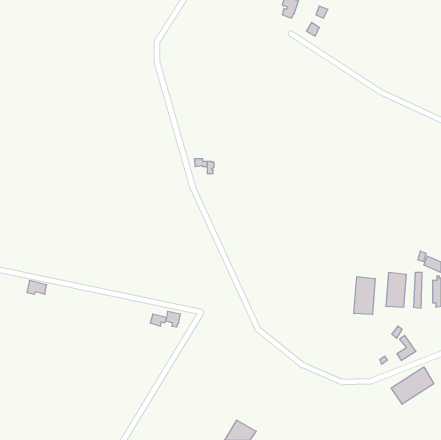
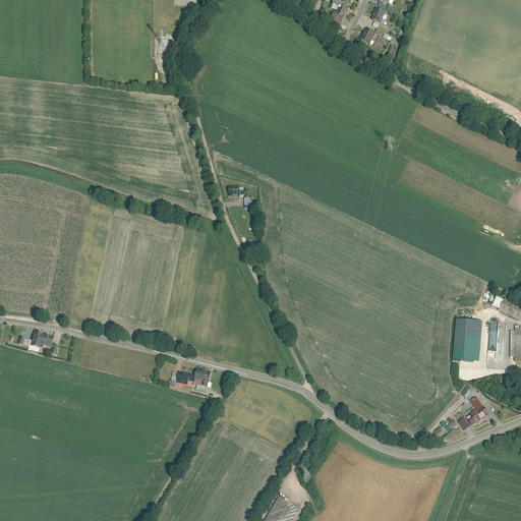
building: [354,277,375,315] -> none
building: [391,367,434,404] -> none

